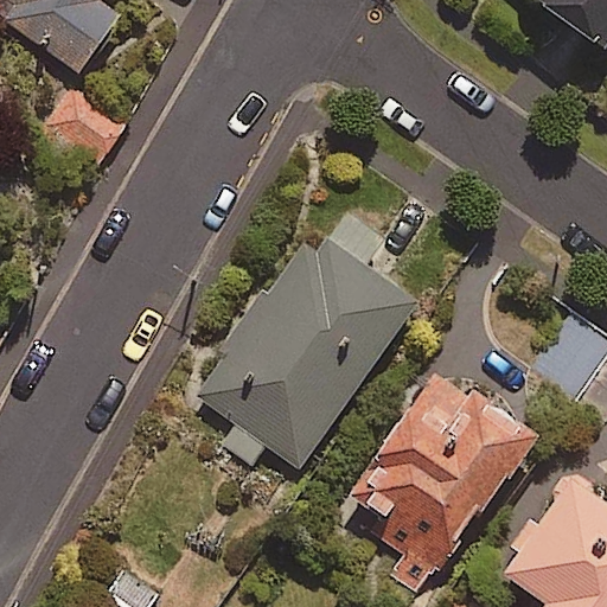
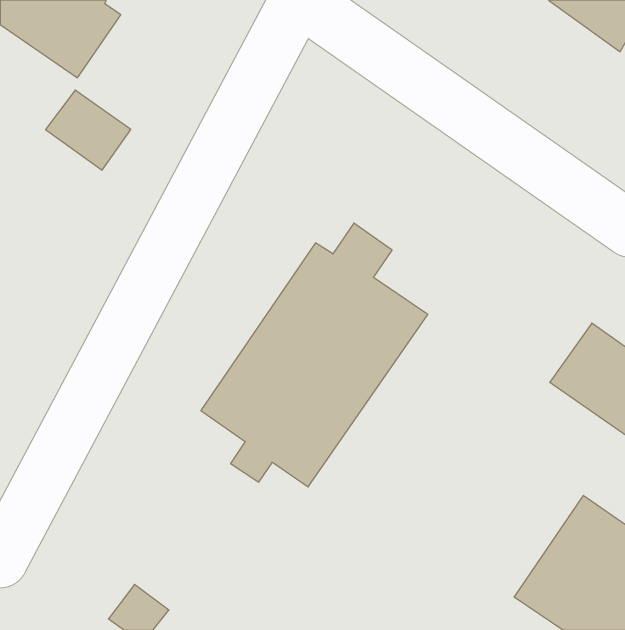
building: [339,371,532,577] -> none

